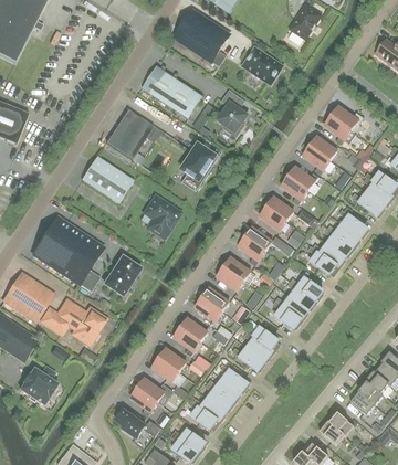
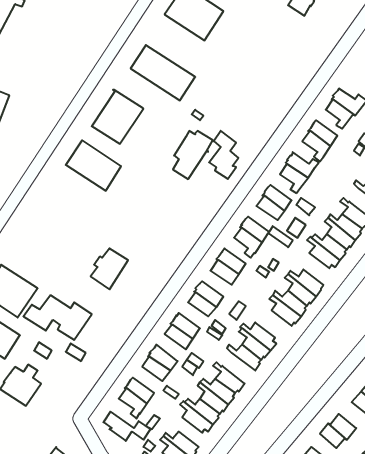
building: [243,47,281,83] -> none
building: [218,89,245,135] -> [209,131,238,179]
building: [144,195,179,236] -> none
building: [32,216,103,290] -> none

